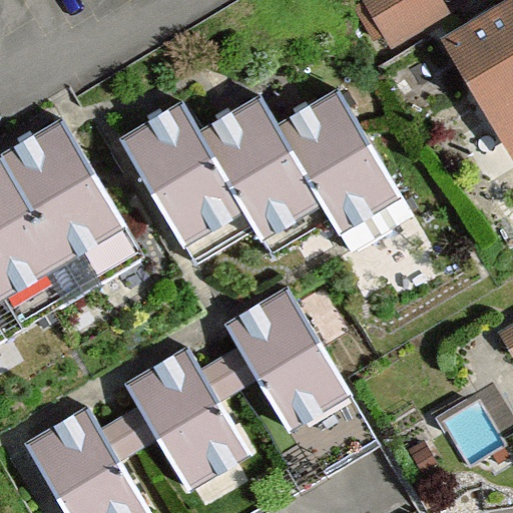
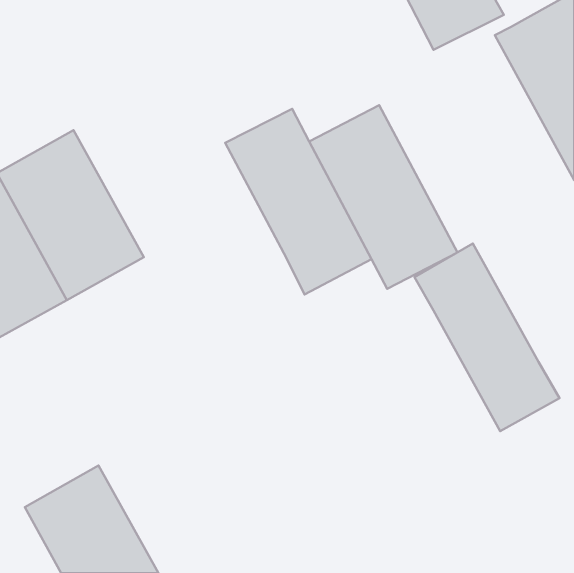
building: [123,100,253,262] -> none
building: none -> [415,244,559,431]
building: [227,288,356,436] -> none
building: [127,346,254,493] -> none

